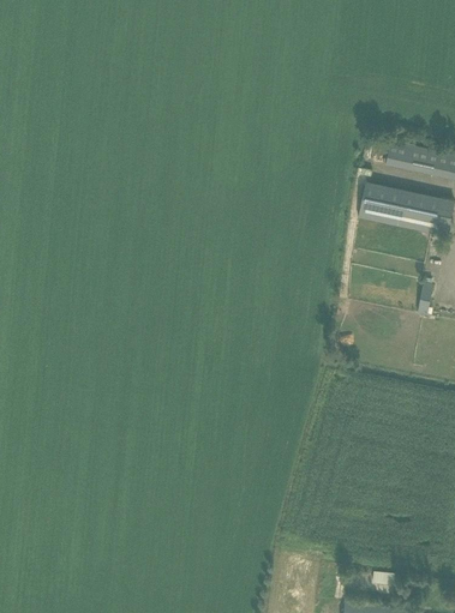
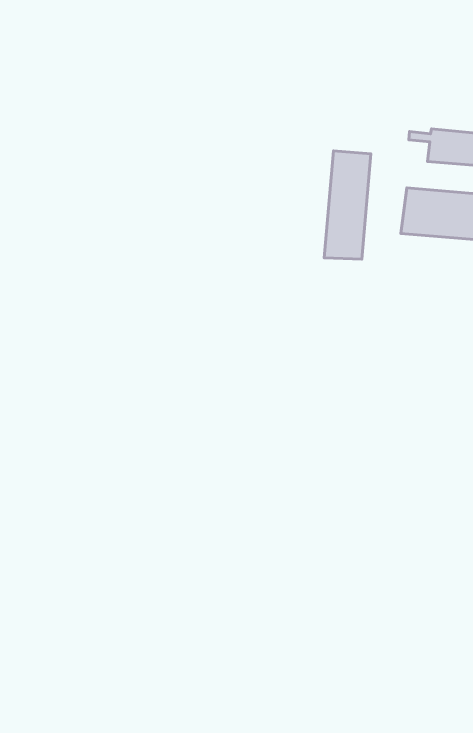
building: none -> [324,151,371,259]

